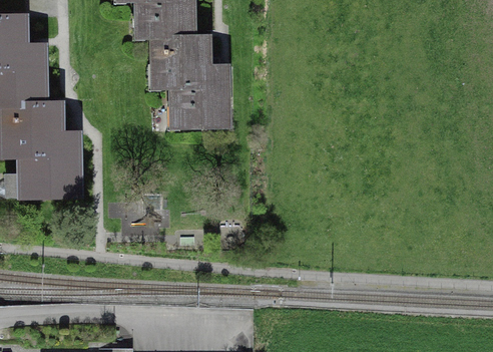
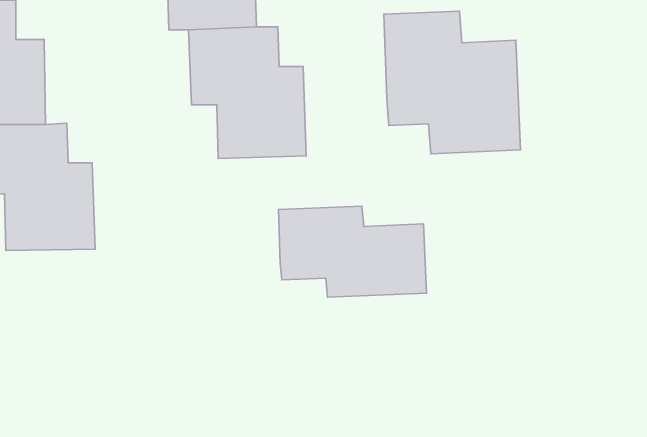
building: none -> [384,11,520,154]
building: none -> [278,206,427,297]

